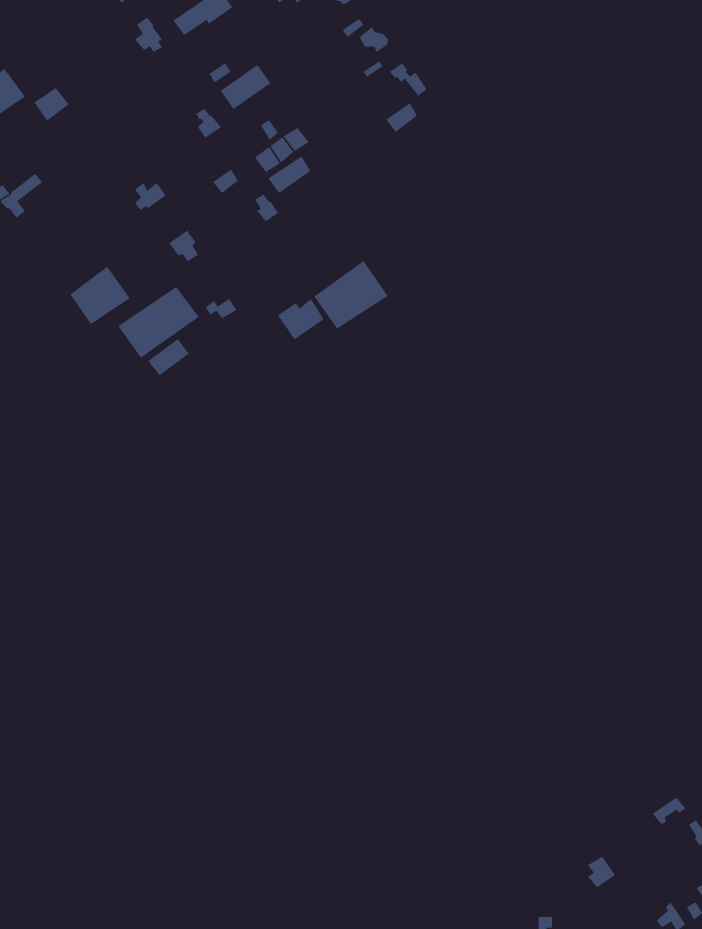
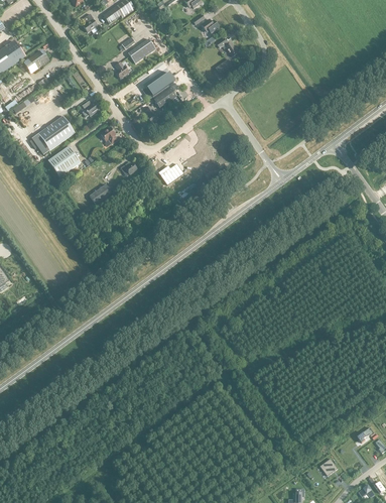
building: [314,260,388,330] -> none
building: [118,286,199,359] -> [30,116,74,154]

